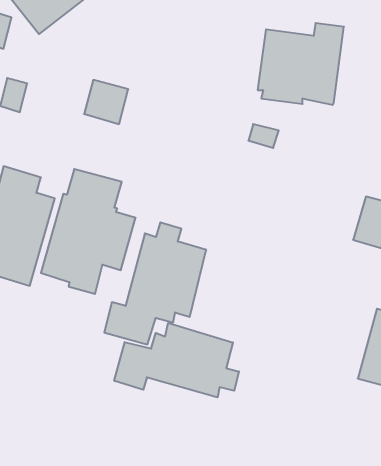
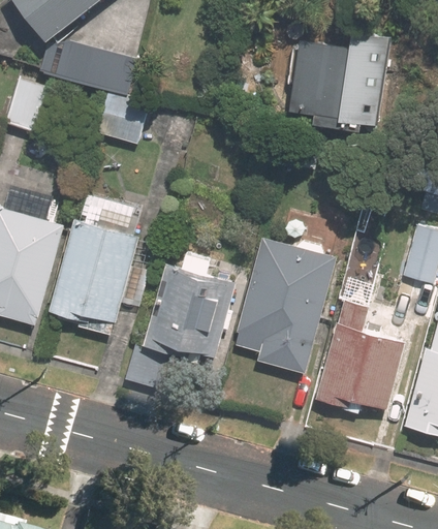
building: none -> [36,40,134,91]
building: none -> [234,239,334,372]
building: none -> [315,302,406,410]
building: [114,323,239,397] -> none

